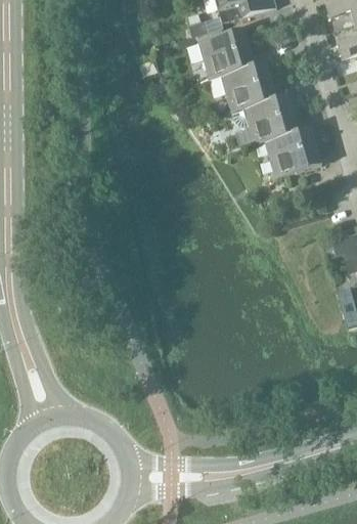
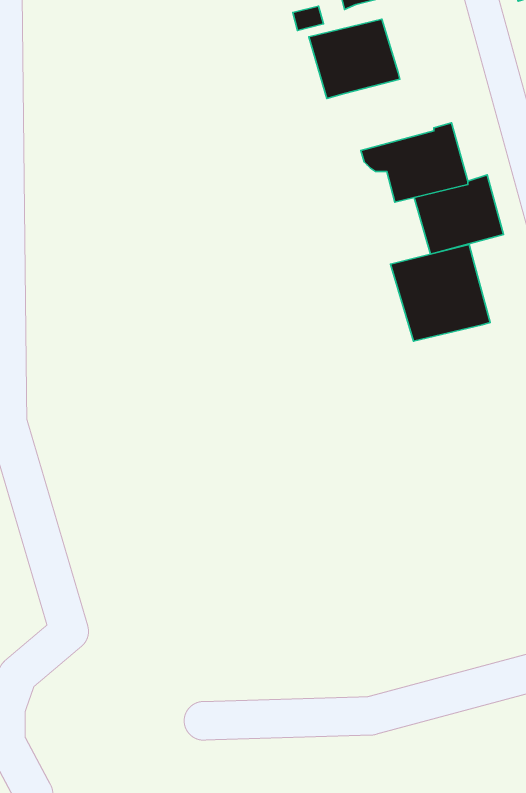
building: [221,59,277,112] -> none
building: none -> [391,244,490,341]

